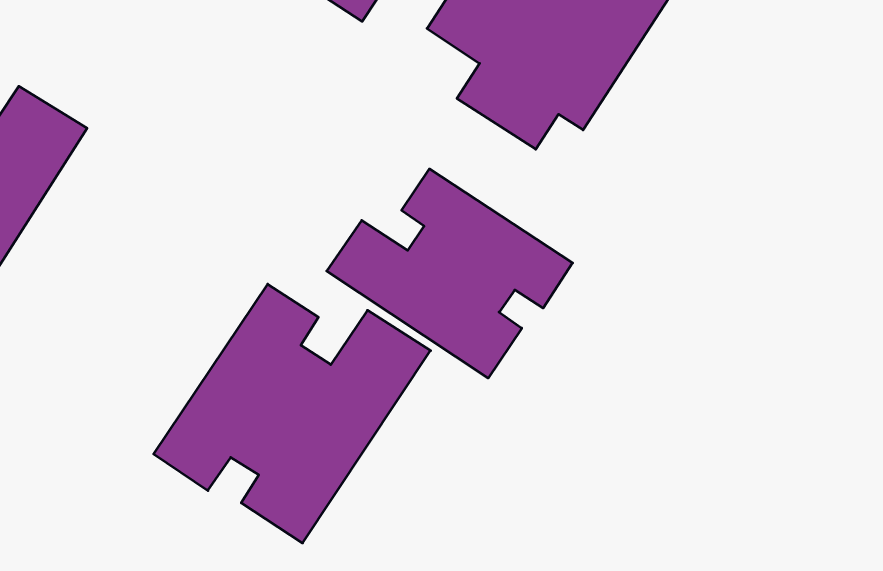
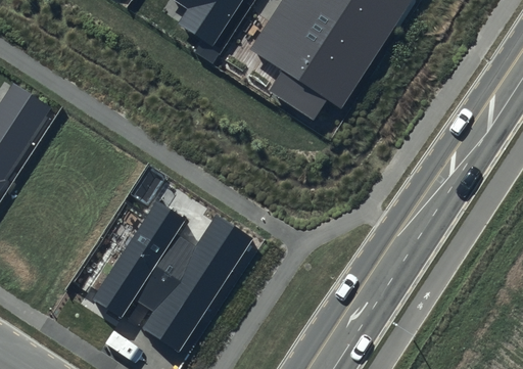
building: [327,169,573,378] -> none

